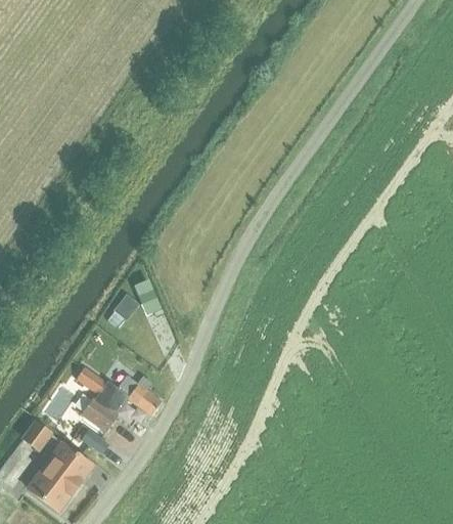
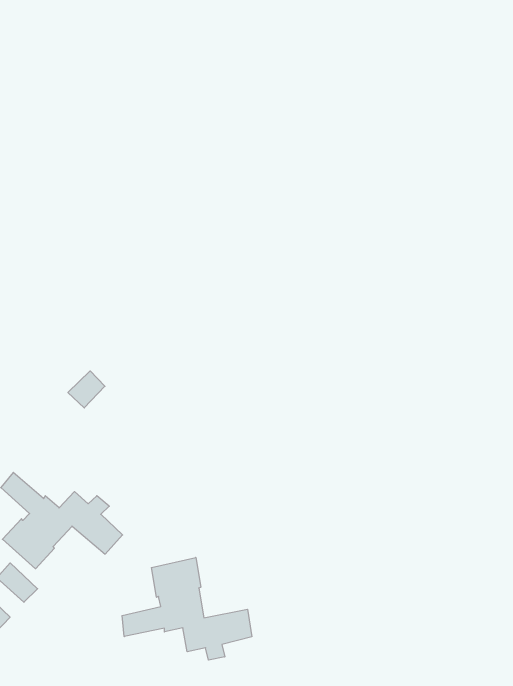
building: none -> [122,557,252,660]

